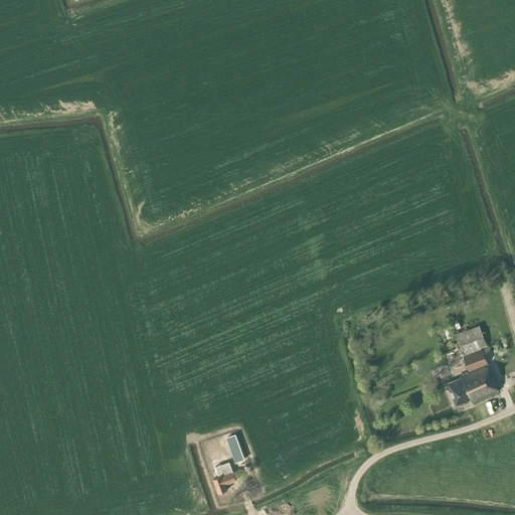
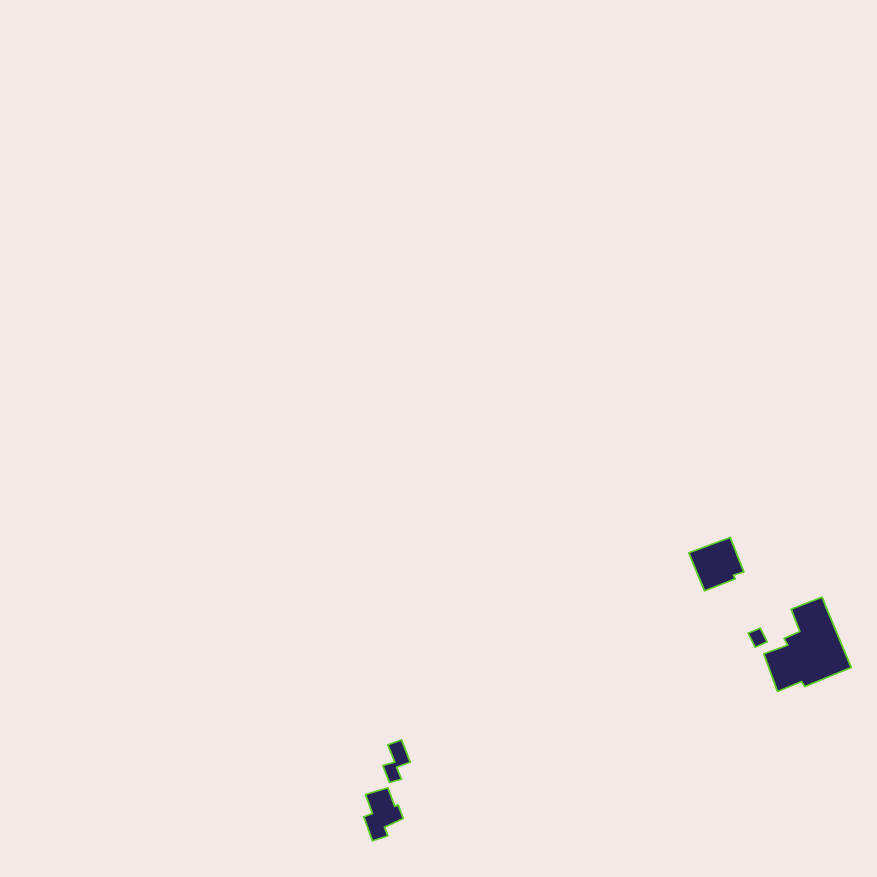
building: [455,325,487,356] -> [689,538,744,591]

